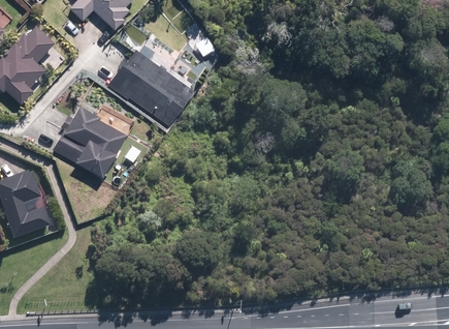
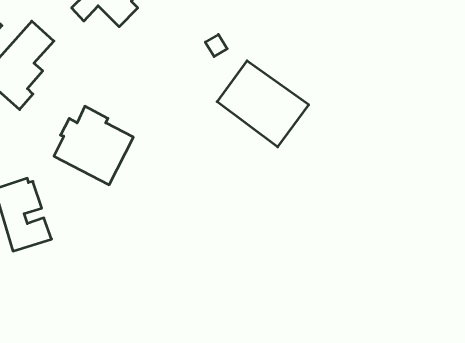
building: [107,49,193,129] -> [217,61,309,147]

